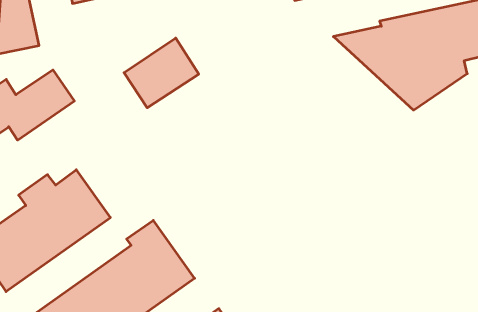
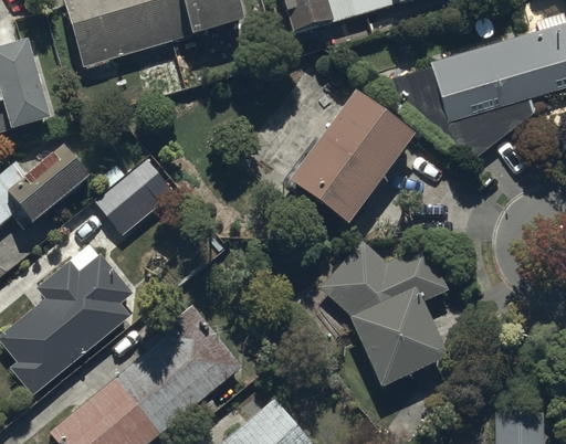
building: [124,38,199,108] -> [94,155,178,235]
building: none -> [289,89,416,224]
building: none -> [321,241,450,385]

